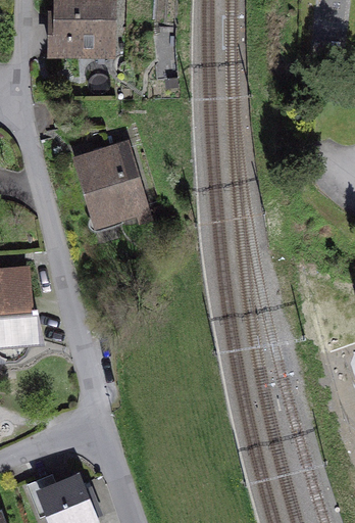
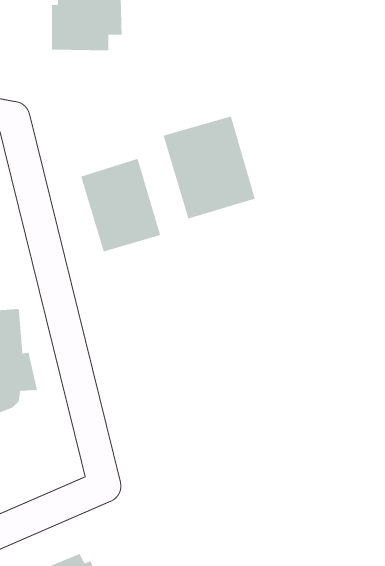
building: none -> [163,116,256,220]

